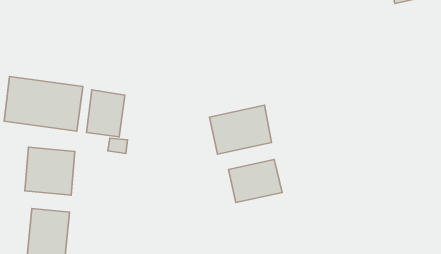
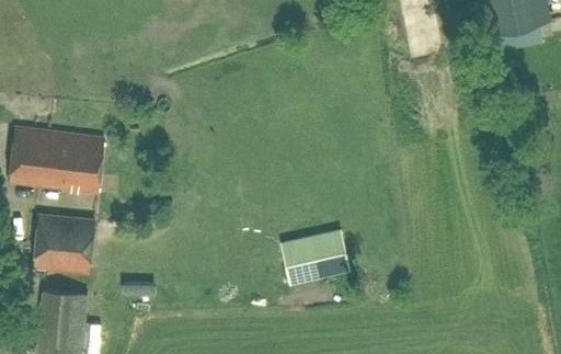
building: [86,90,125,137] -> none
building: [209,105,271,154] -> none

